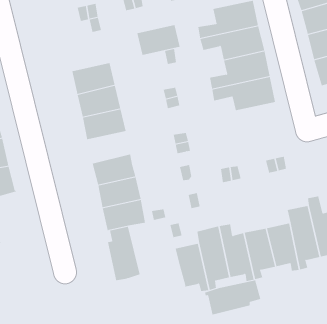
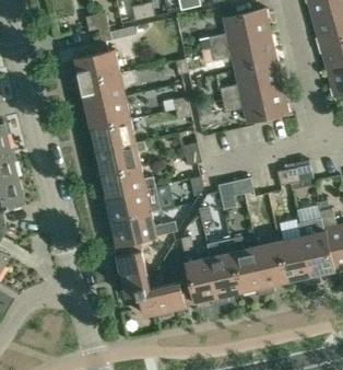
building: [136,24,181,56] -> [74,49,119,81]
building: none -> [95,140,146,175]
building: [204,280,261,315] -> [137,279,194,315]

